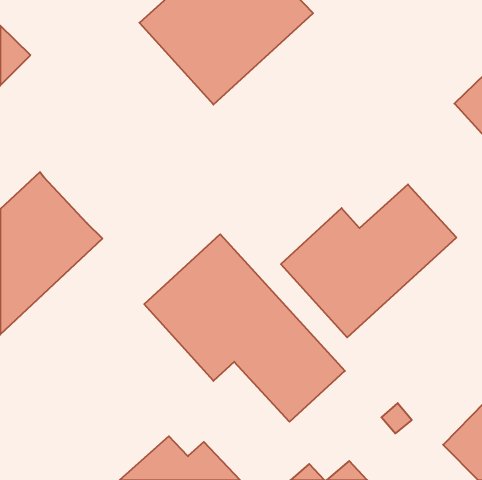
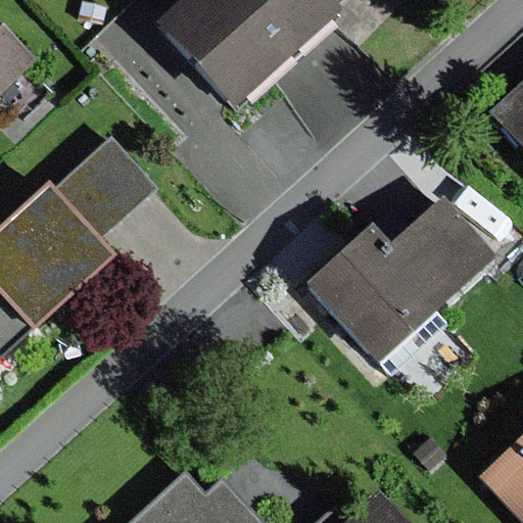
building: none -> [50,135,156,240]
building: [144,234,345,422] -> none

